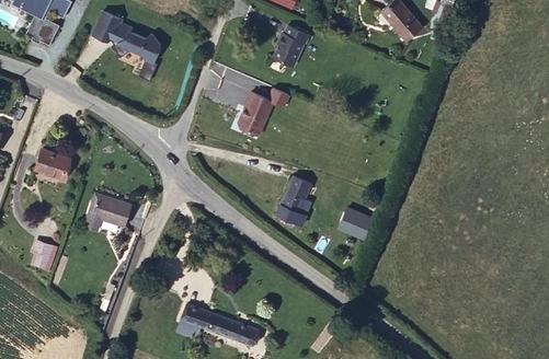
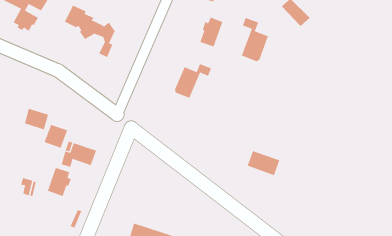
building: none -> [241,17,269,62]
building: none -> [44,124,68,148]
building: [276,175,311,228] -> none
building: none -> [47,167,72,197]

